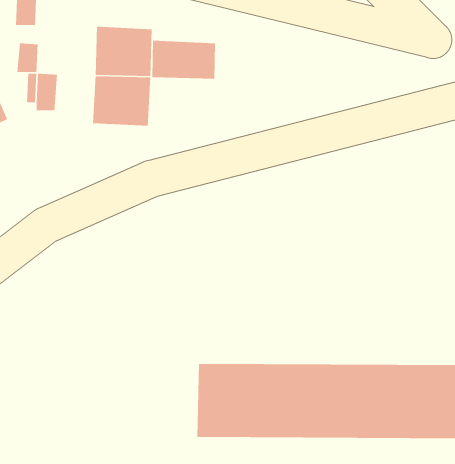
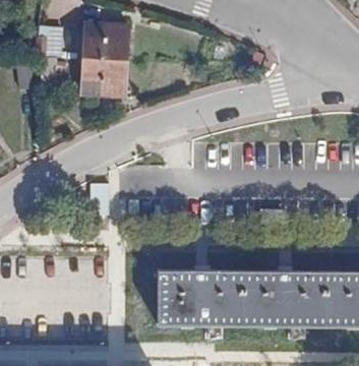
building: [152,40,216,79] -> none

